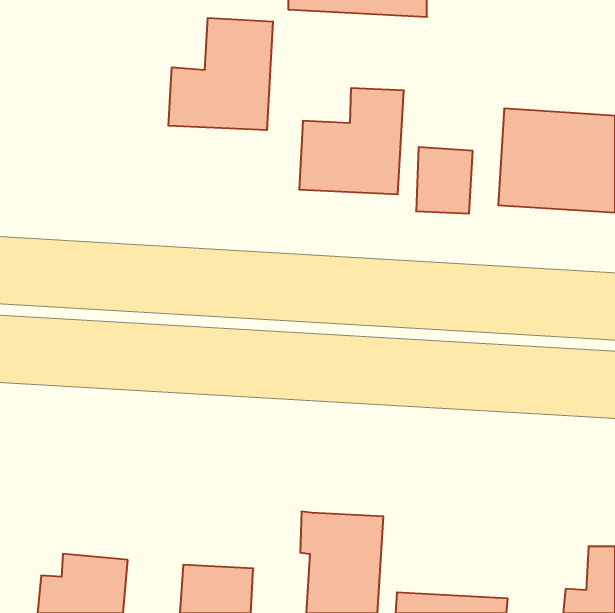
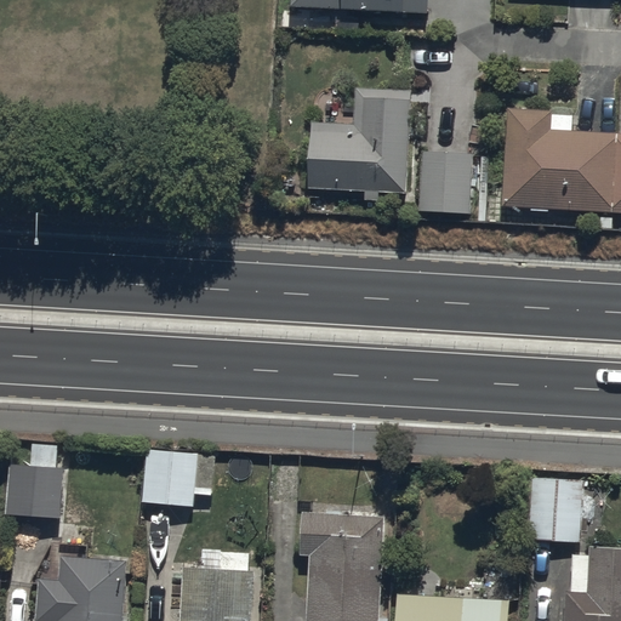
building: [169,18,273,130] -> none
building: none -> [142,450,199,507]
building: none -> [6,465,65,518]
building: none -> [529,479,585,542]

